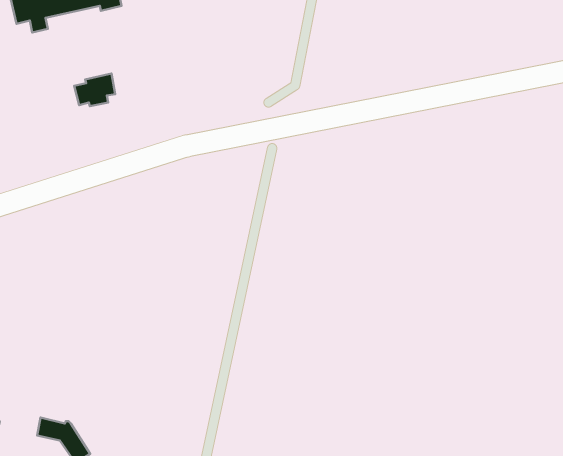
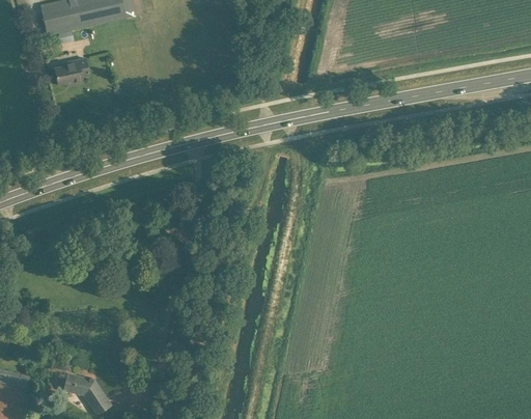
building: [74,74,115,106] -> [53,57,88,85]

